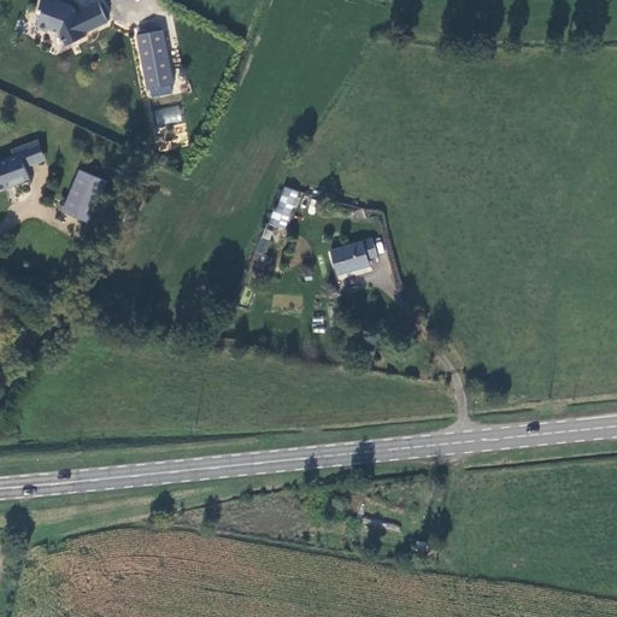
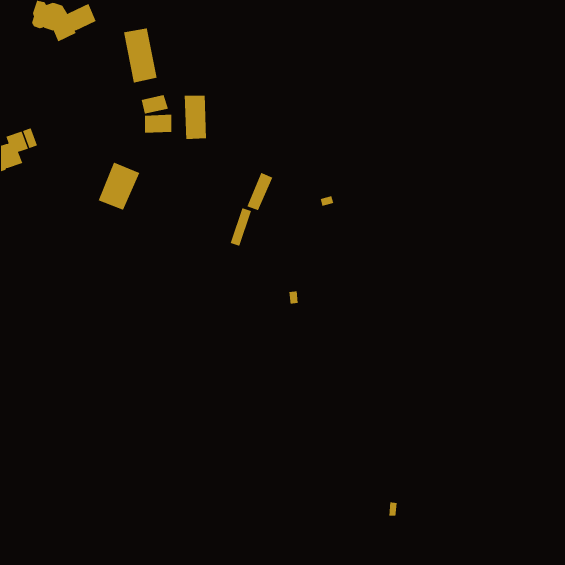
building: none -> [184,95,207,140]
building: [60,169,106,222] -> [98,162,140,211]
building: [329,241,376,276] -> none

